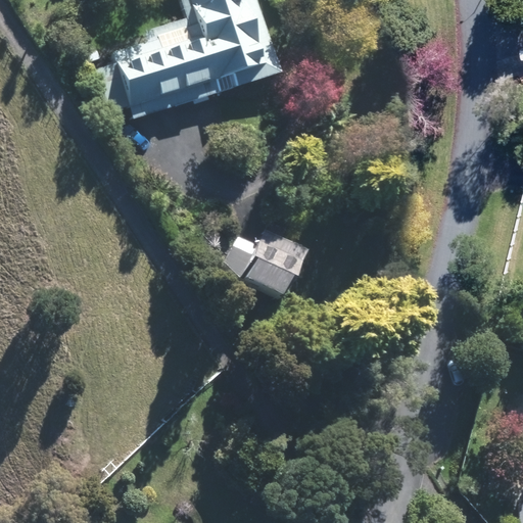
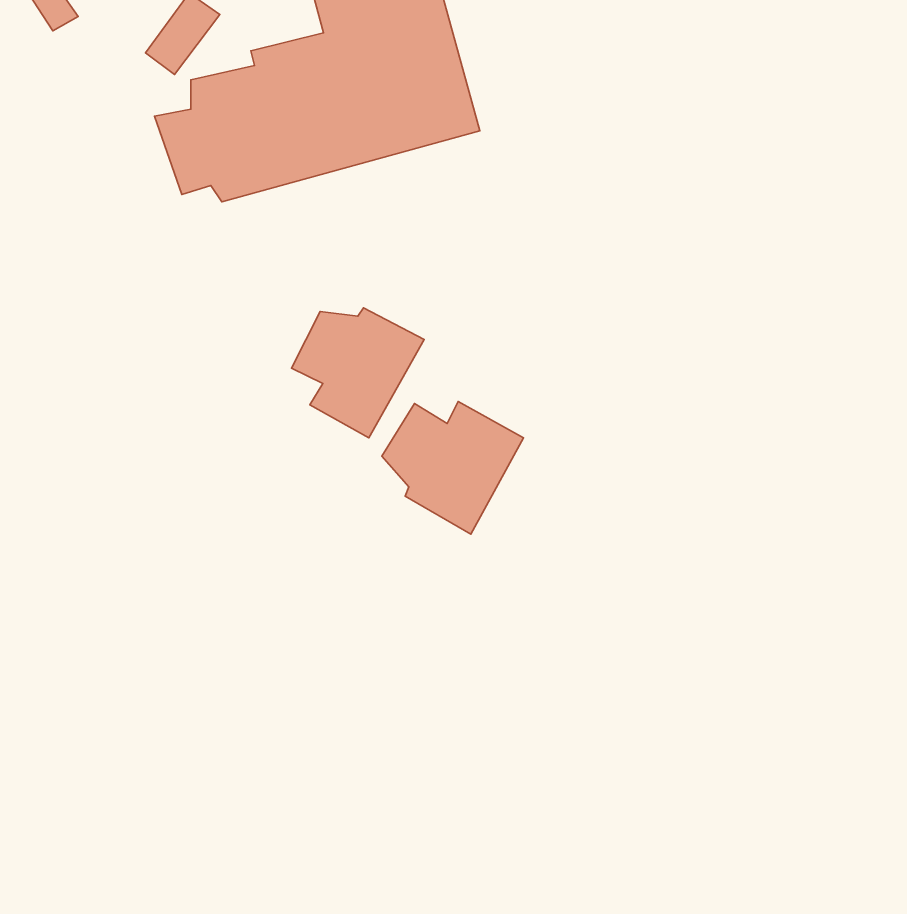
building: none -> [292,308,424,438]

